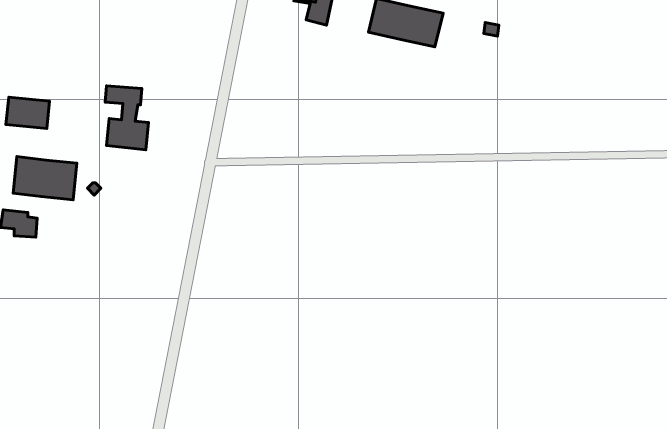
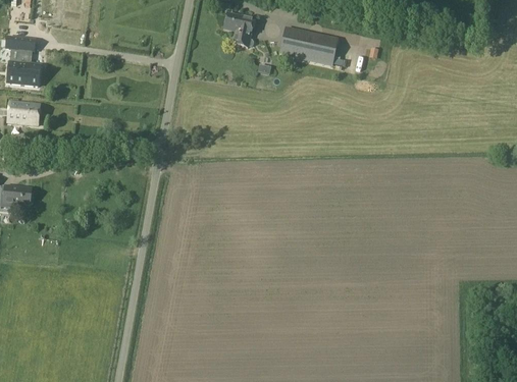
building: [105,86,149,150] -> [9,40,42,88]
building: [13,157,77,200] -> none

